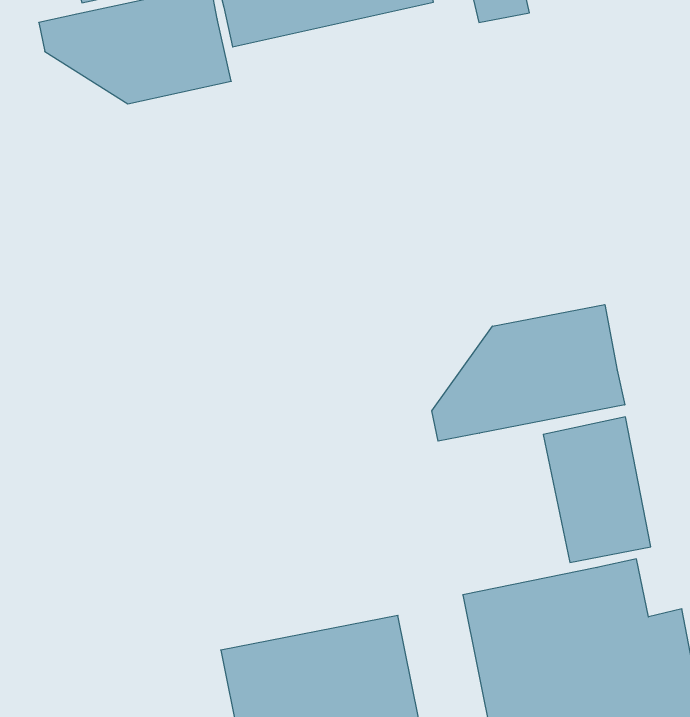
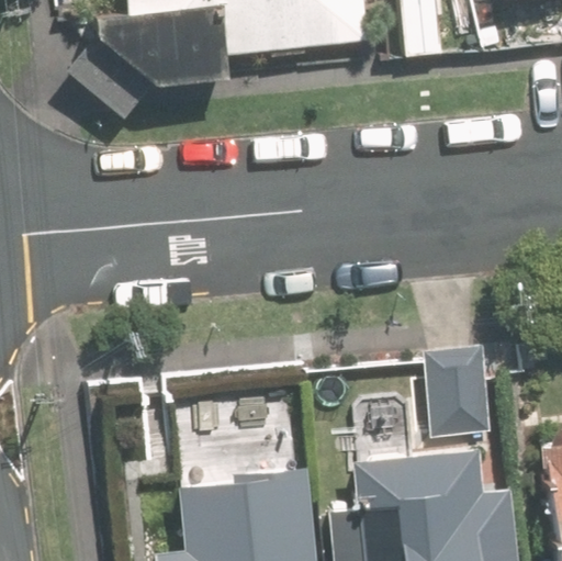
building: [432,305,625,441] -> none

